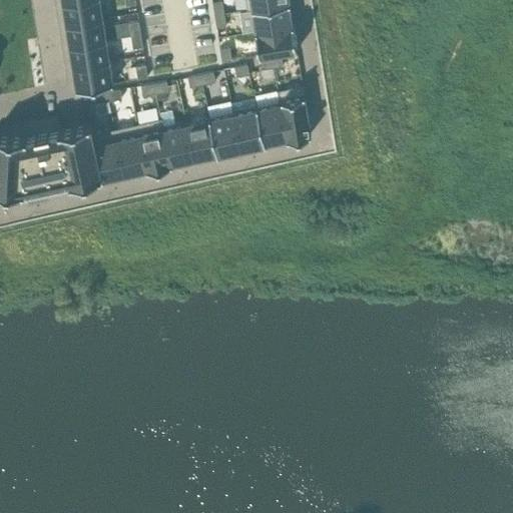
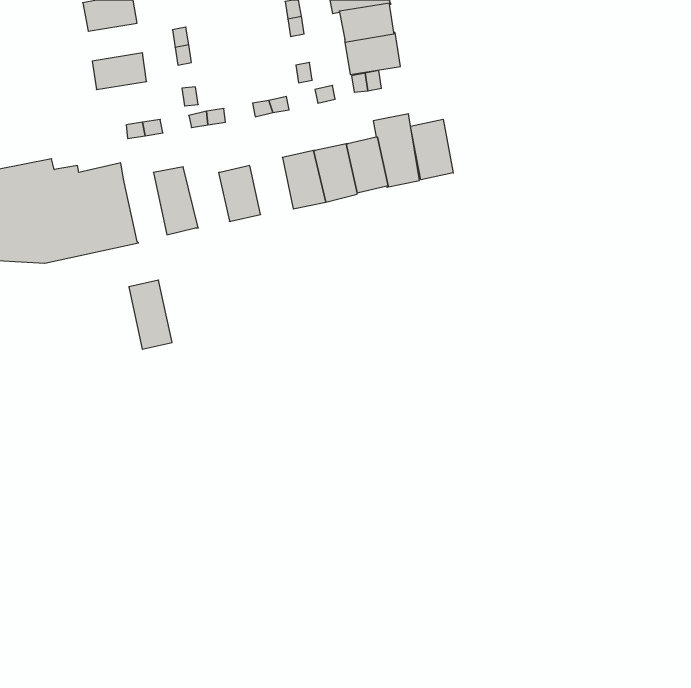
building: [65,21,105,49] -> none
building: [71,64,111,92] -> none
building: none -> [411,119,453,180]
building: [184,120,216,162] -> none
building: [135,121,170,174] -> none
building: [91,131,123,182] -> [129,280,172,349]

